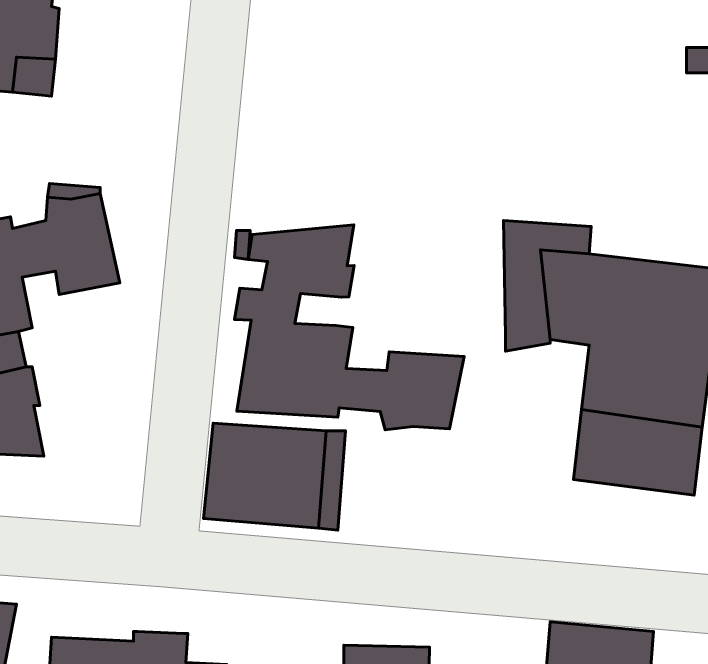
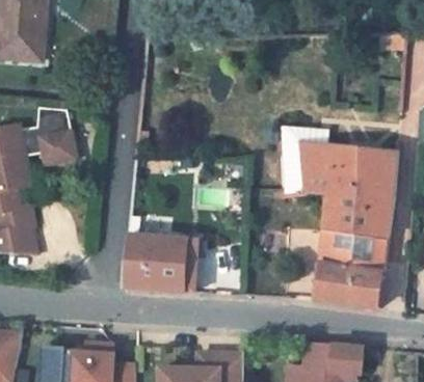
building: [234,225,464,430] -> none
building: none -> [315,266,383,308]

